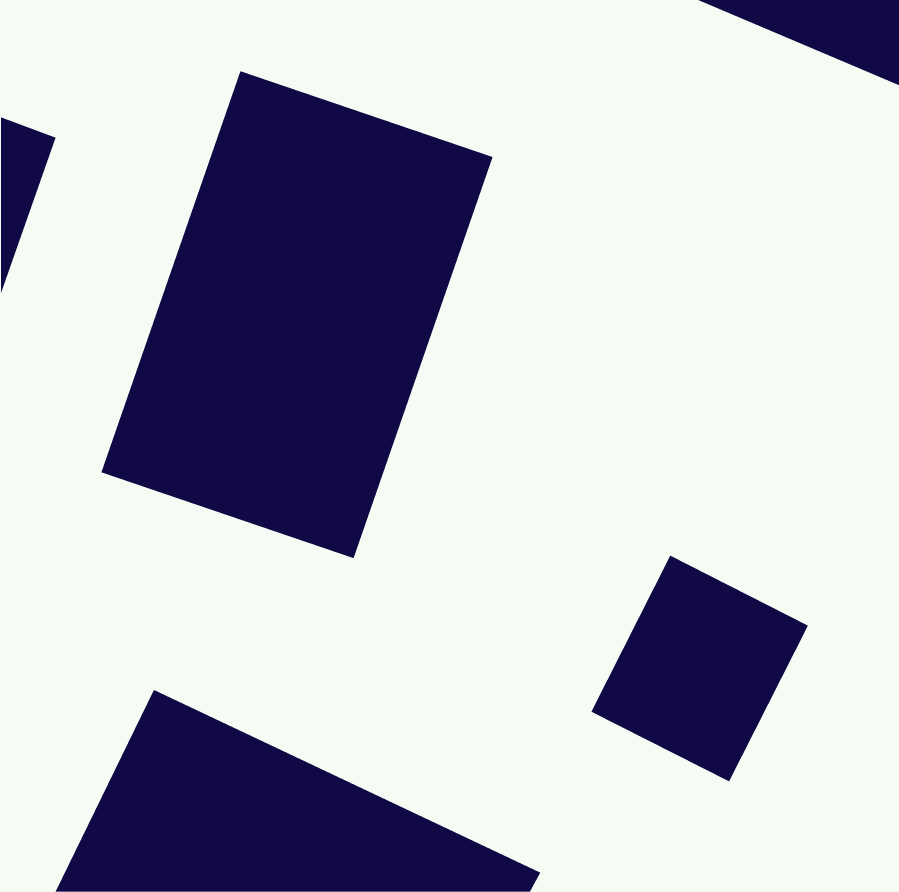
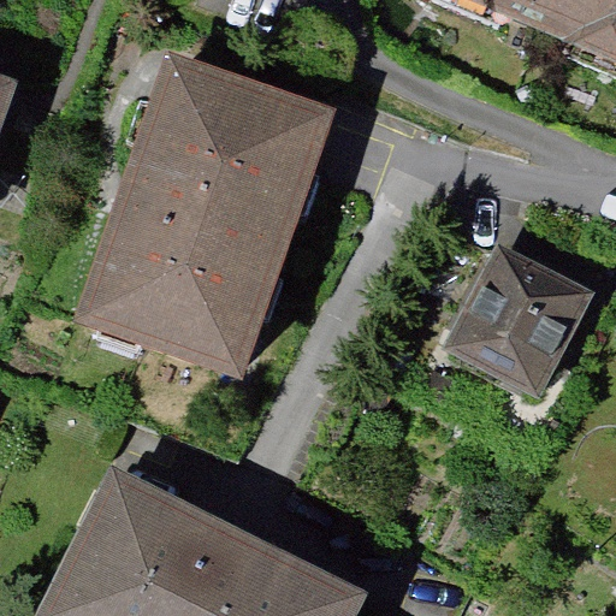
building: [590,555,809,782] -> [451,244,600,399]

